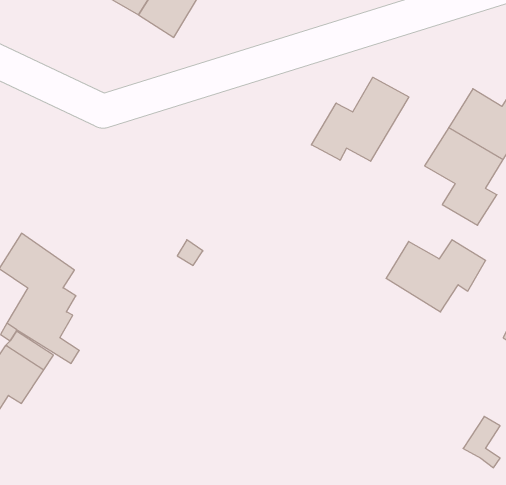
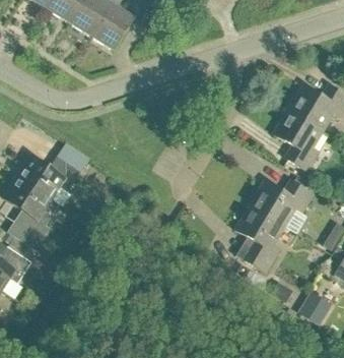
building: [311,77,409,161] -> none
building: none -> [18,155,80,198]
building: none -> [233,203,283,271]

